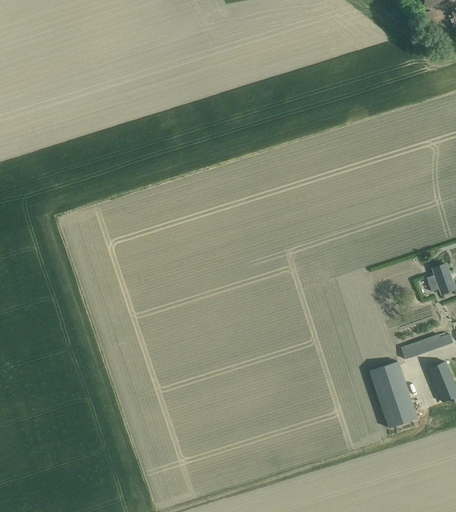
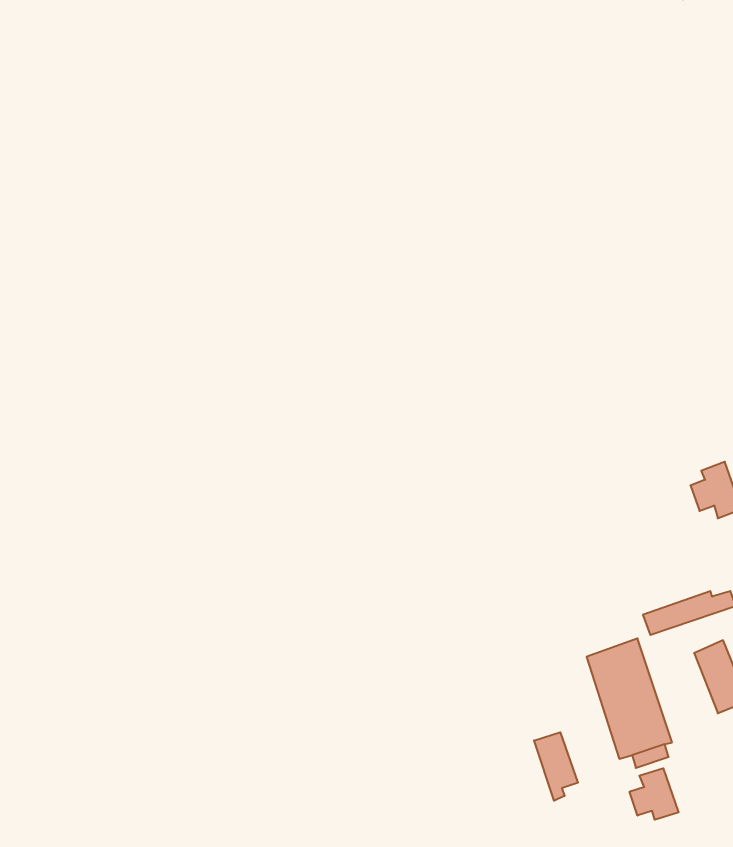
building: none -> [534,732,578,801]
building: none -> [630,768,679,820]

